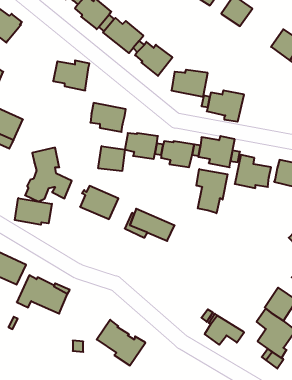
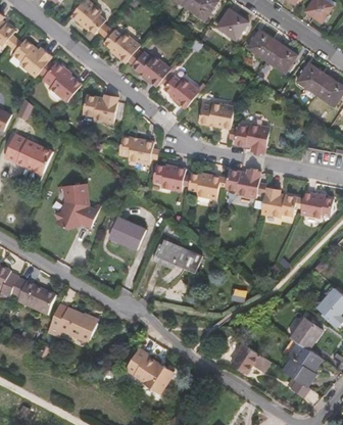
building: none -> [265,42,297,73]
building: none -> [37,60,81,101]
building: [98,146,125,171] -> none
building: [196,169,228,213] -> none
building: [15,198,52,225] -> none

